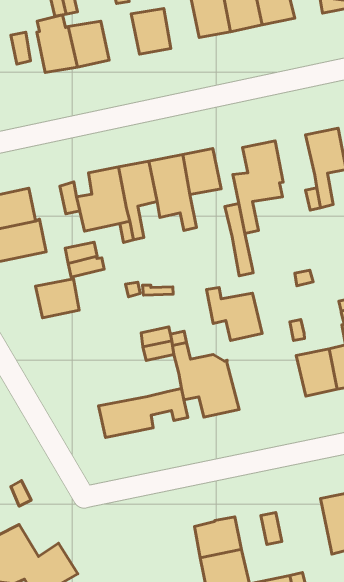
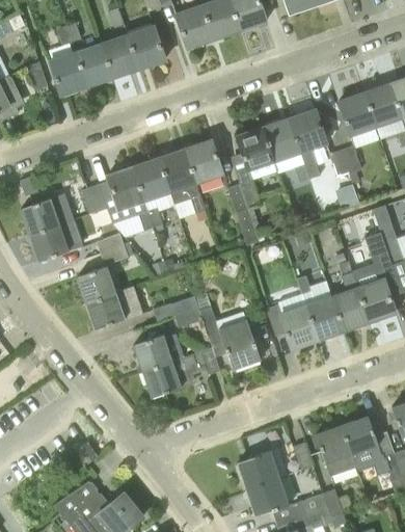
building: none -> [102,35,138,77]
building: none -> [263,118,300,161]
building: [206,288,262,341] -> [265,305,317,349]
building: none -> [85,286,140,329]
building: none -> [133,334,183,371]
building: none -> [314,425,355,476]

